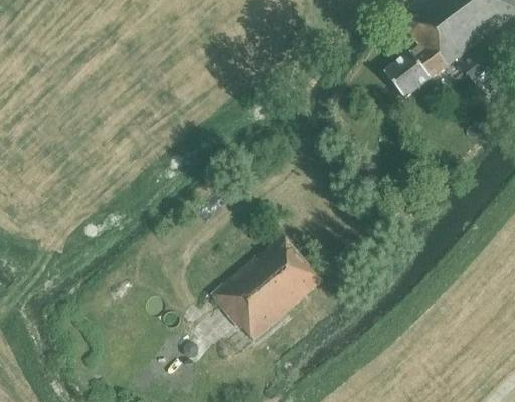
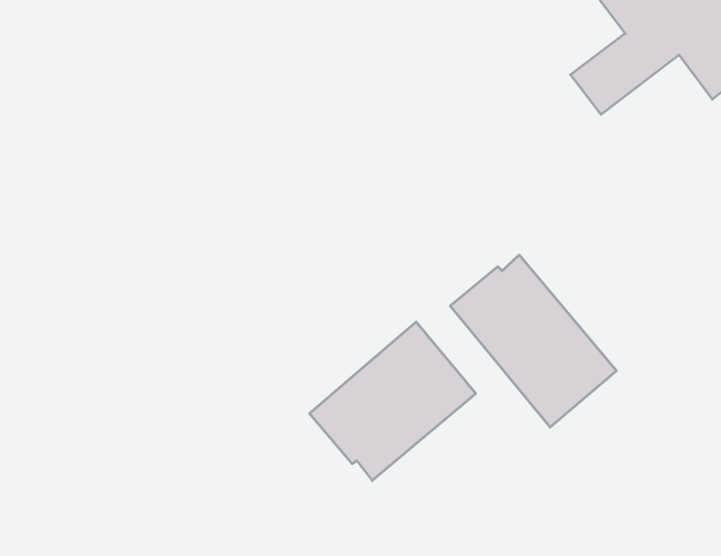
building: none -> [450,255,616,427]

